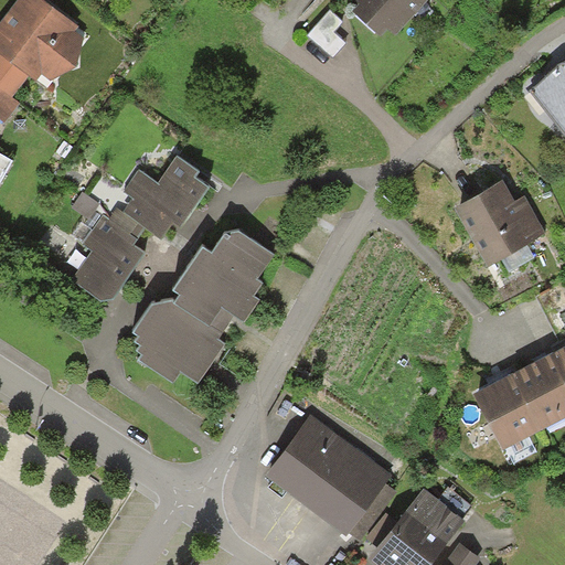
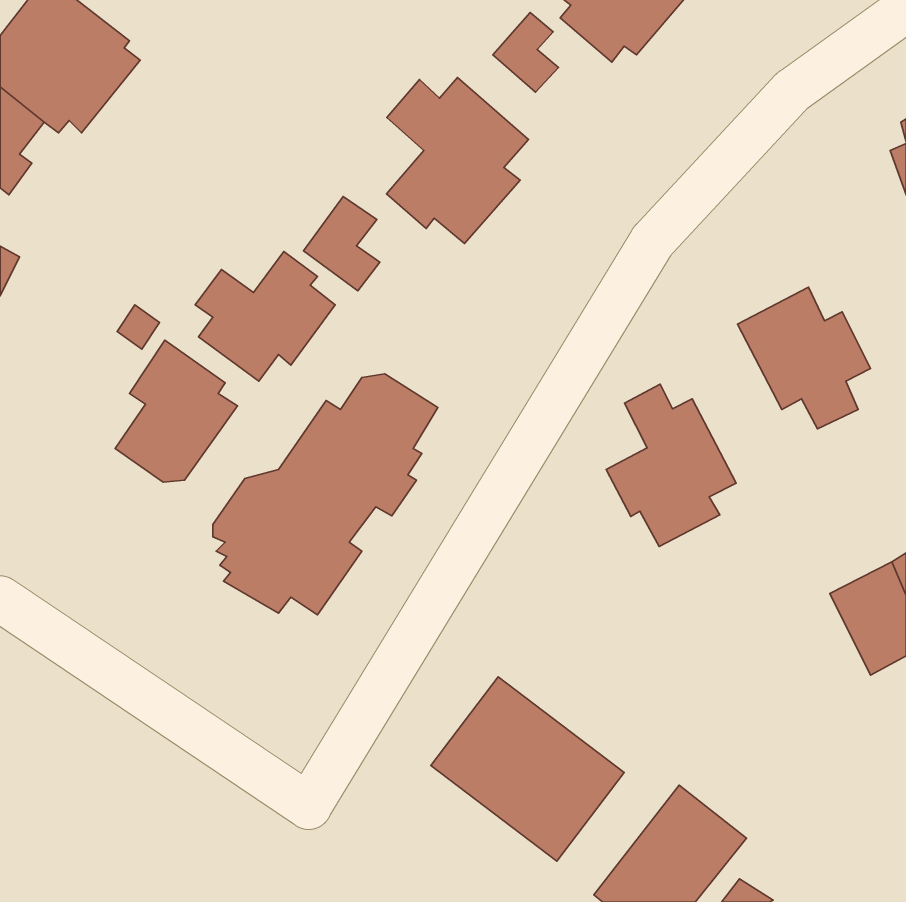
building: none -> [386,78,528,244]
building: none -> [303,197,380,291]
building: none -> [606,384,736,546]
building: [477,370,542,439] -> none

